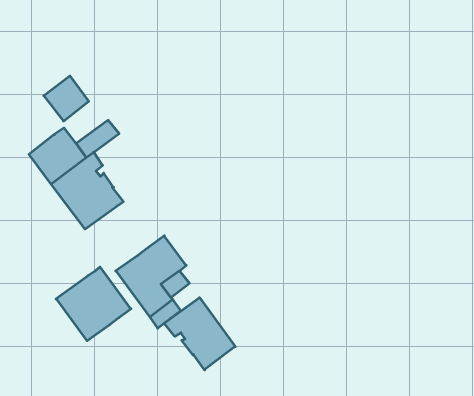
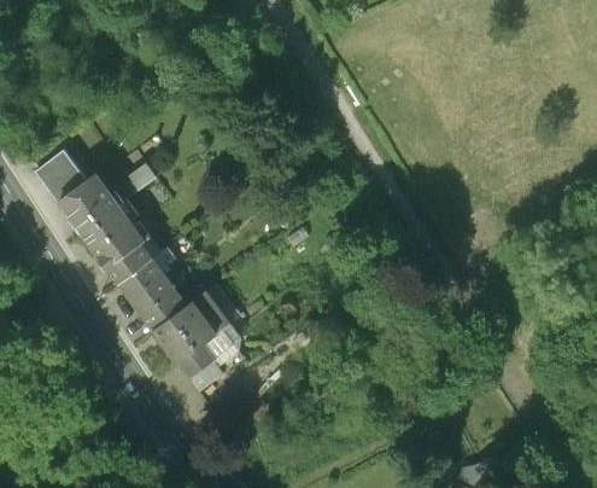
building: [44,76,89,121] -> [35,152,84,202]
building: [56,267,131,341] -> [118,249,200,330]
building: [164,298,235,370] -> none

